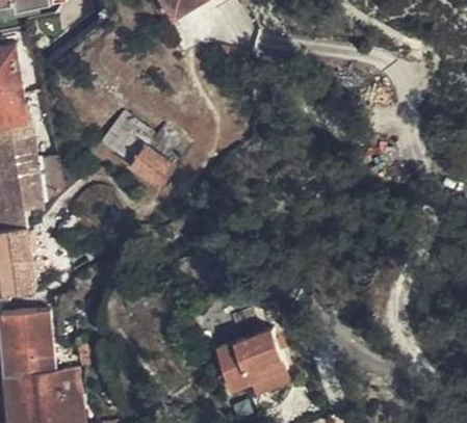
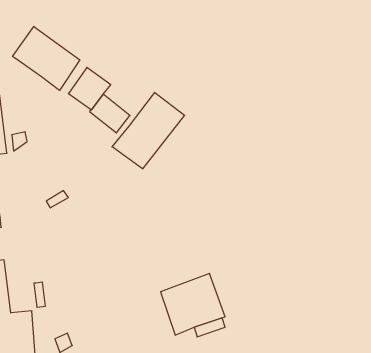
building: none -> [13,26,80,90]
building: none -> [112,92,185,169]

